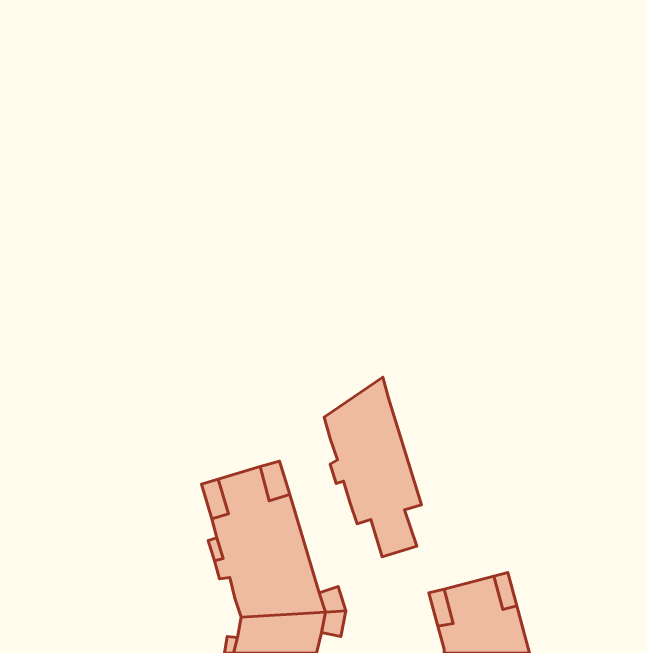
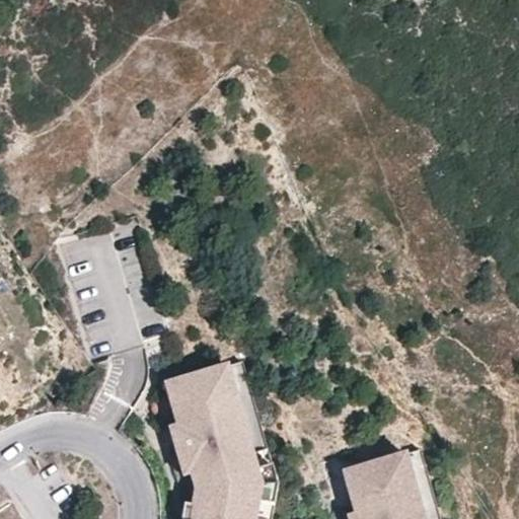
building: [324,377,421,557] -> none

